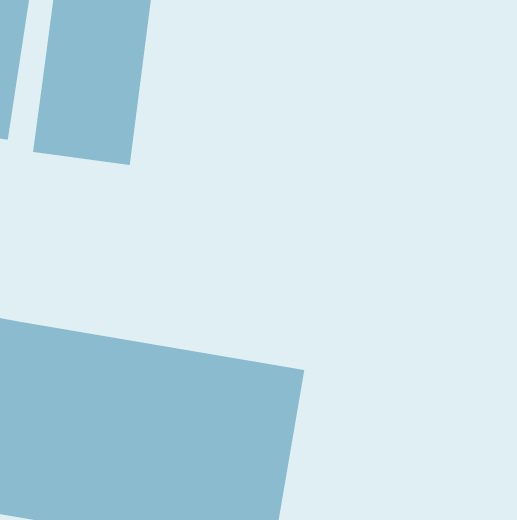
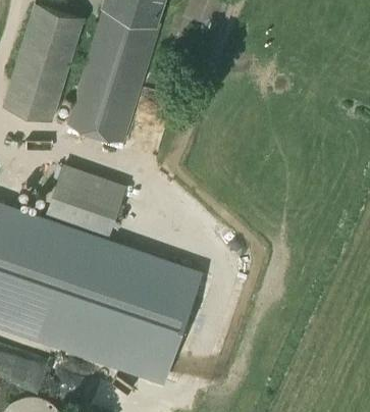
building: none -> [51,167,125,227]

